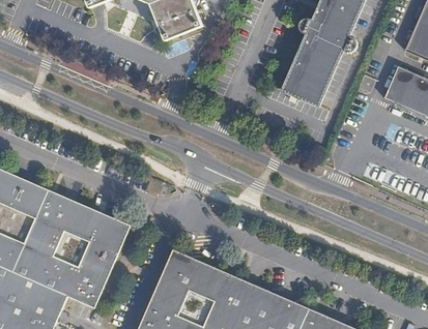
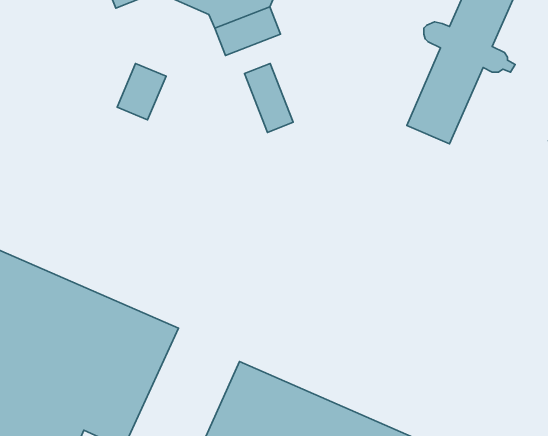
building: none -> [117,63,166,120]
building: none -> [244,63,293,132]

